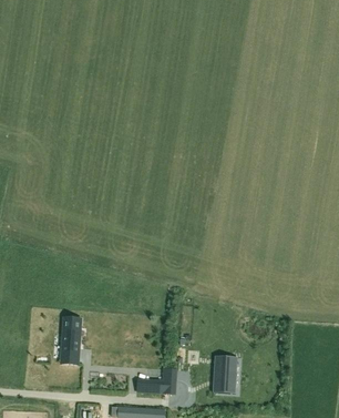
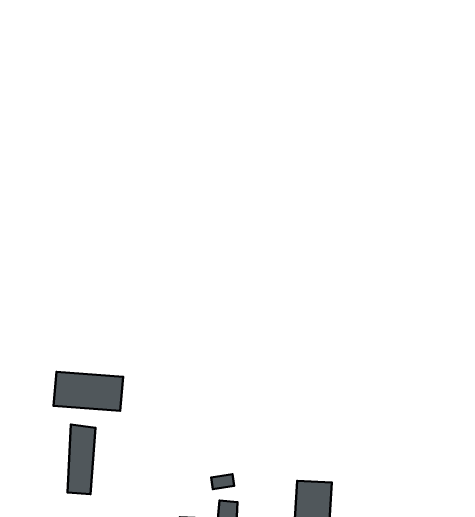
building: none -> [53,372,123,411]

